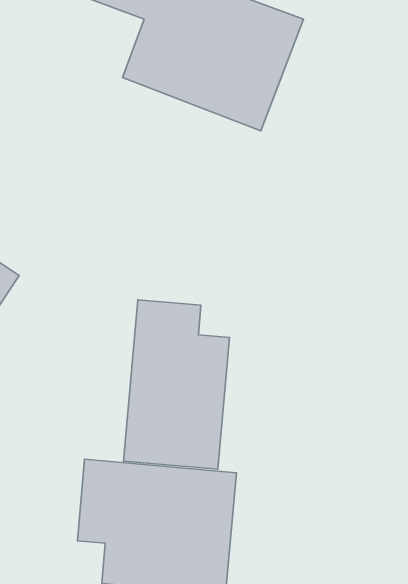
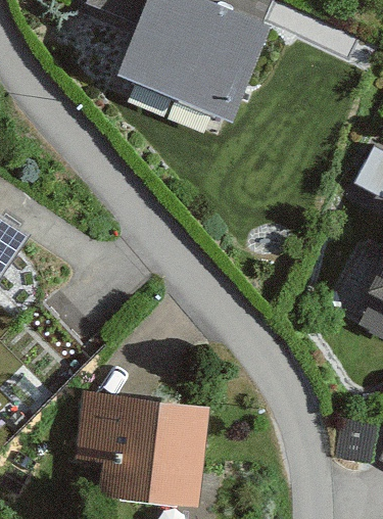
building: [124,300,229,469] -> none

